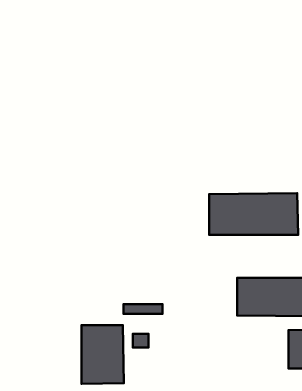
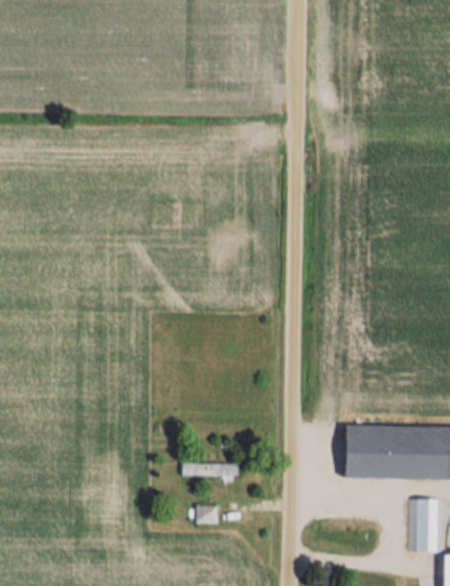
building: [209,193,298,235] -> none
building: [81,325,124,384] -> none

